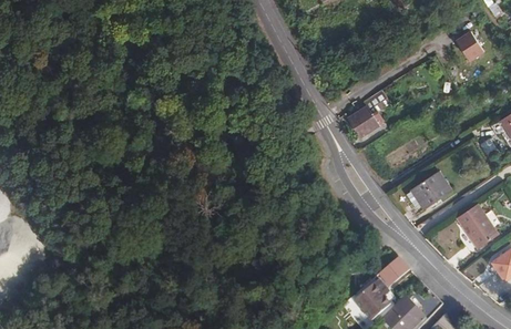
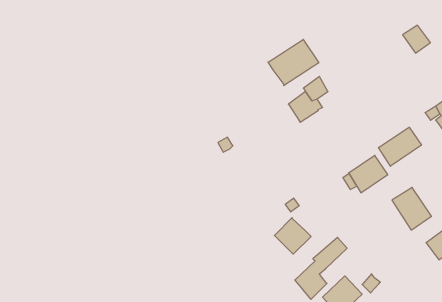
building: none -> [268,39,319,86]
building: none -> [379,127,422,166]
building: none -> [274,218,311,254]

